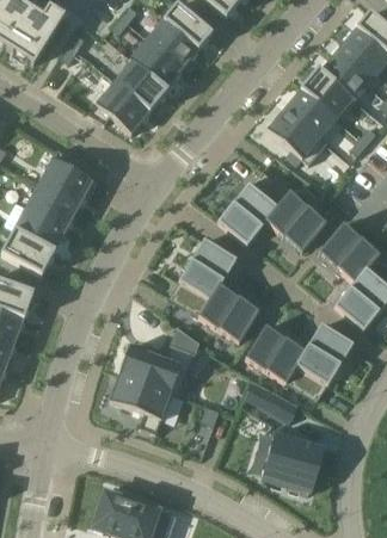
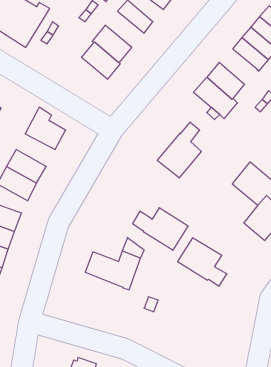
building: [147,19,199,68] -> none
building: [301,68,354,118] -> none
building: [87,81,150,134] -> none
building: [263,180,326,252] -> none
building: [26,185,79,229] -> none
building: [168,240,237,307] -> none
building: [295,324,352,401] -> none
building: [109,372,171,434] -> none
building: [244,381,299,422] -> none
building: [262,429,322,494] -> none

